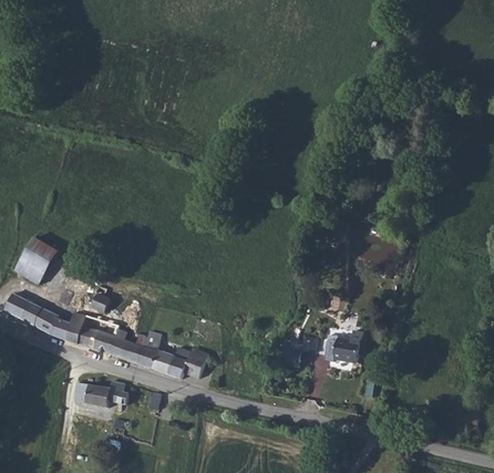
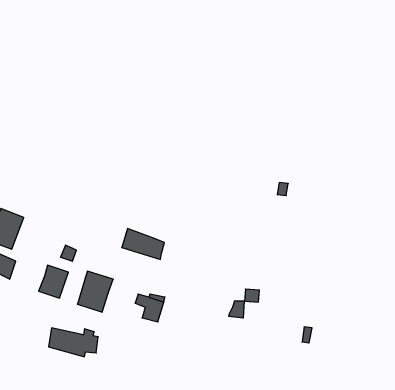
building: [33,306,72,339] -> none
building: [89,318,117,353] -> none
building: [320,336,357,363] -> none
building: [136,341,184,376] -> [122,229,164,259]

